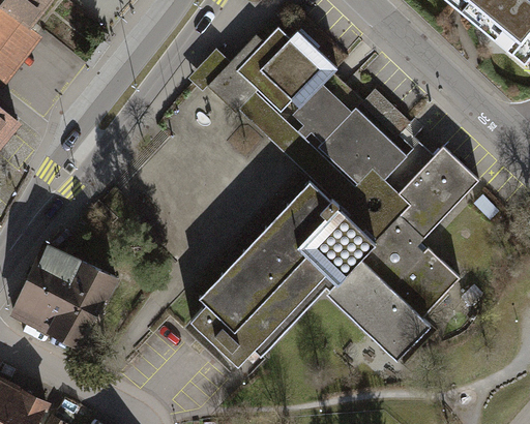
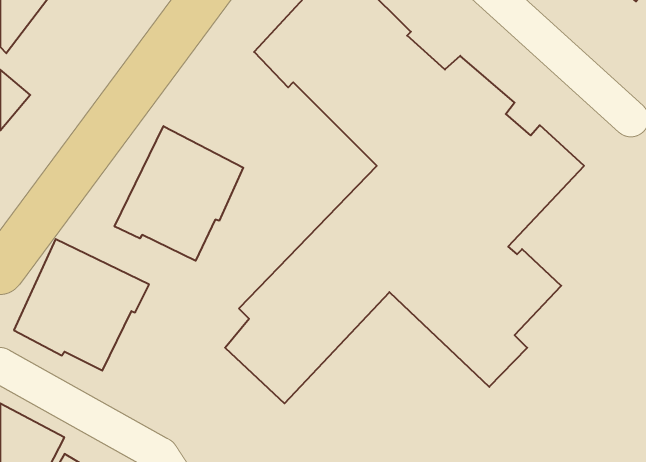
building: none -> [115,126,243,261]

